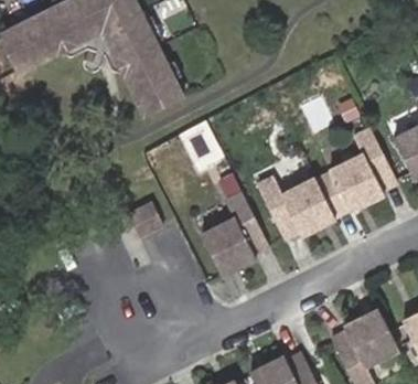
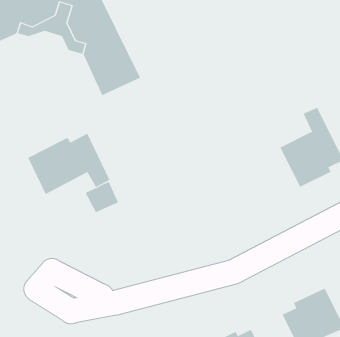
building: none -> [28,133,110,195]
building: [255,173,335,235] -> none
building: [203,188,269,273] -> none

